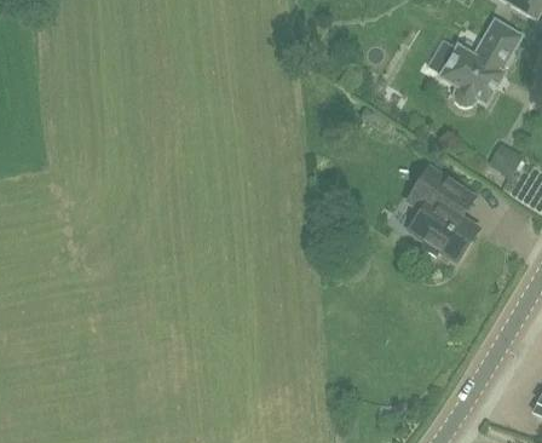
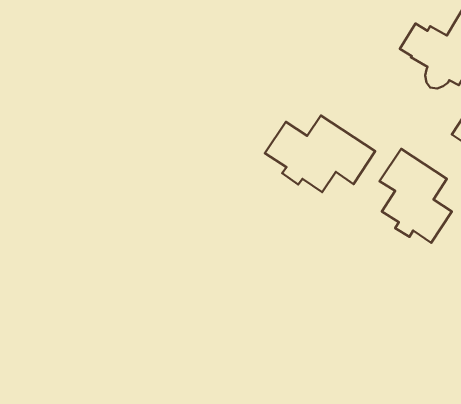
building: none -> [265,115,375,192]

